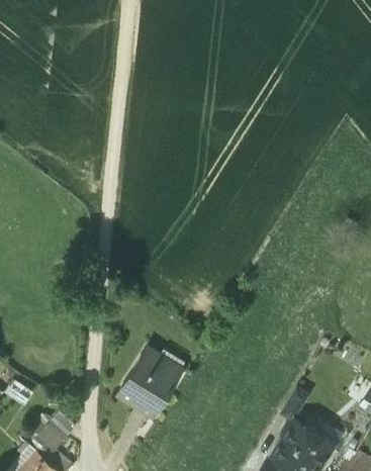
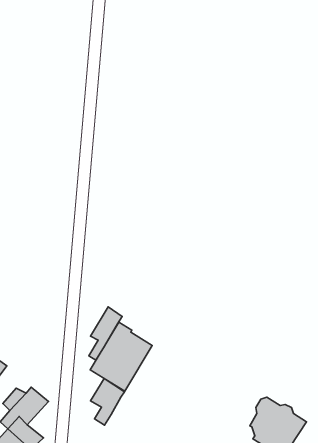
building: none -> [89,307,122,360]
building: none -> [91,378,125,425]

